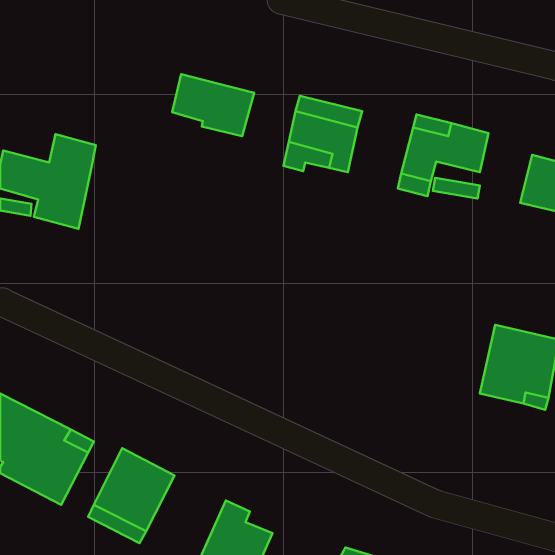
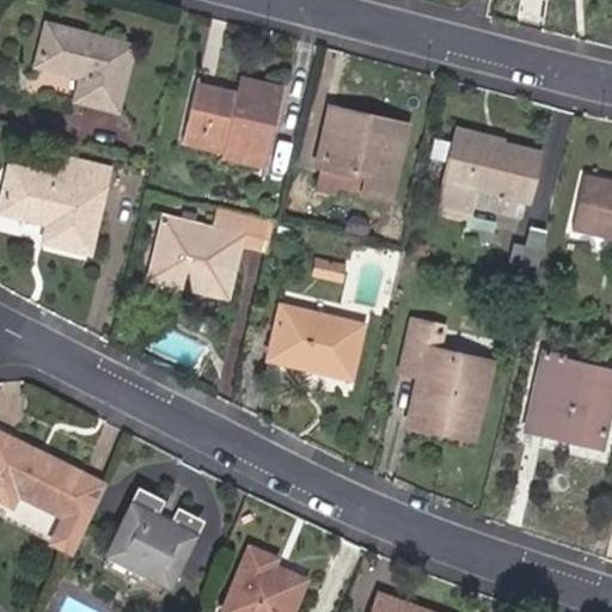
building: none -> [24,25,129,110]
building: none -> [238,69,286,104]
building: none -> [155,203,270,294]
building: none -> [273,302,363,375]
building: none -> [402,316,488,434]

